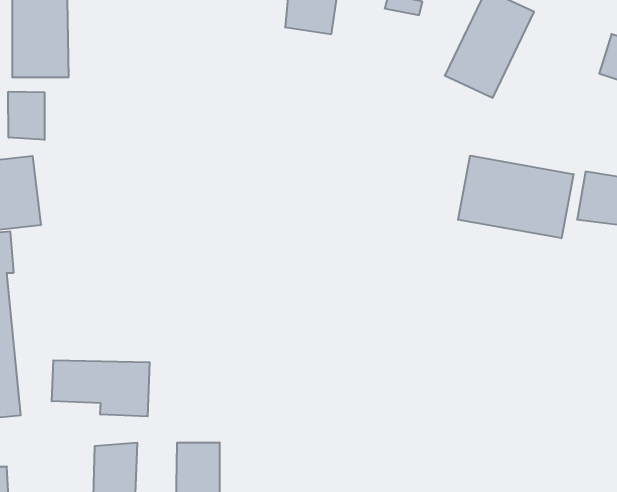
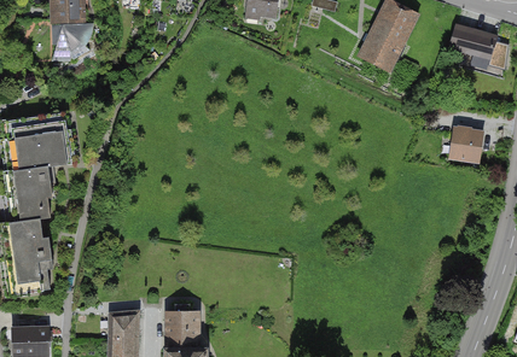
building: [8,92,44,140] -> none
building: [458,156,574,238] -> none
building: [52,360,150,416] -> none

